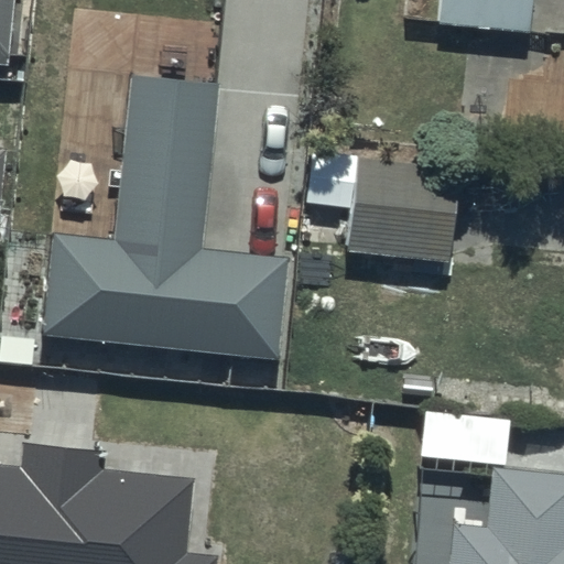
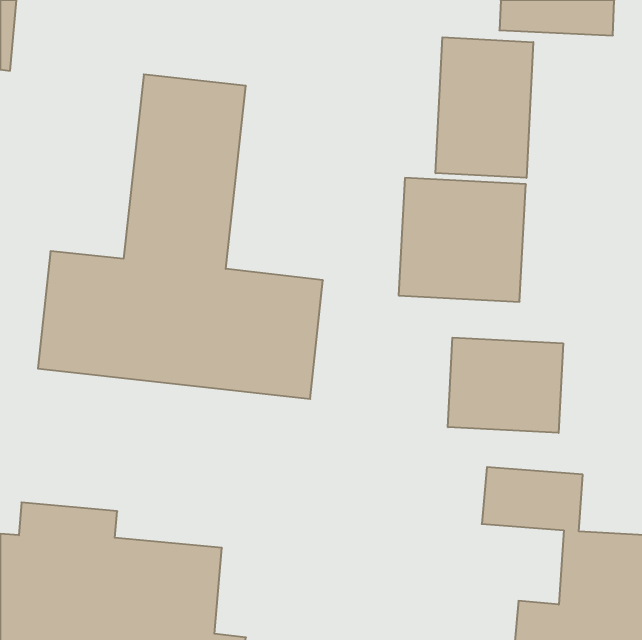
building: none -> [436,37,533,178]
building: none -> [448,338,563,433]

